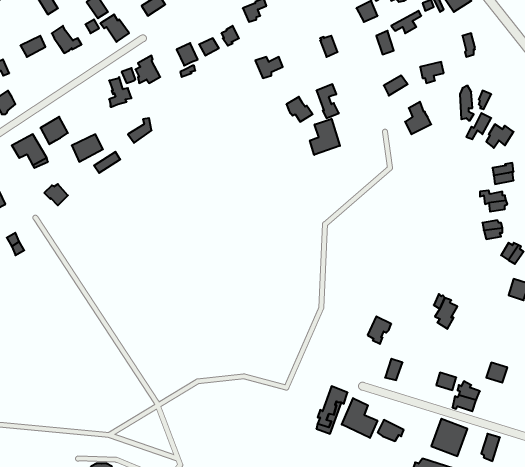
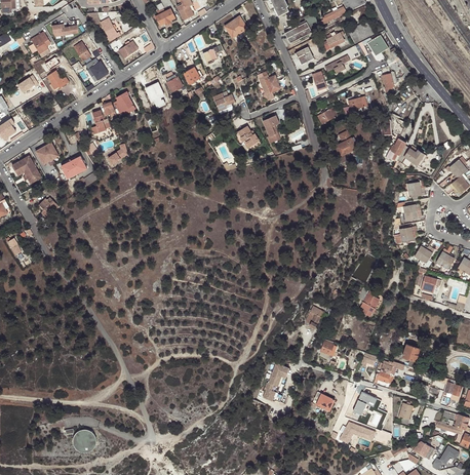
building: [310,119,340,155] -> none
building: [342,398,377,438] -> none

